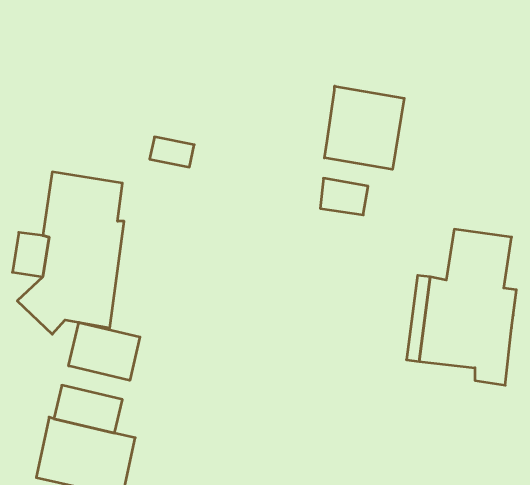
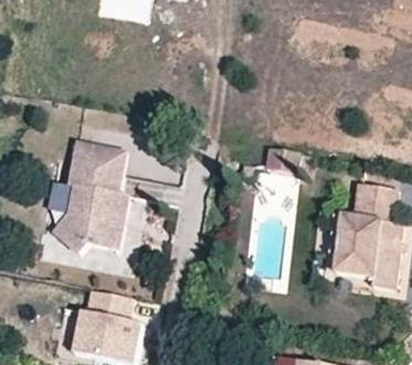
building: [324,86,404,169] -> none
building: [69,322,140,380] -> none

